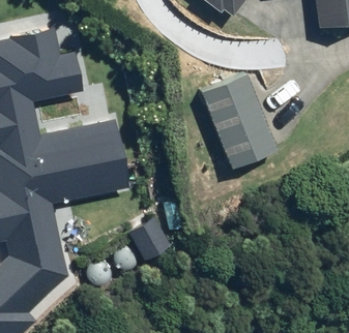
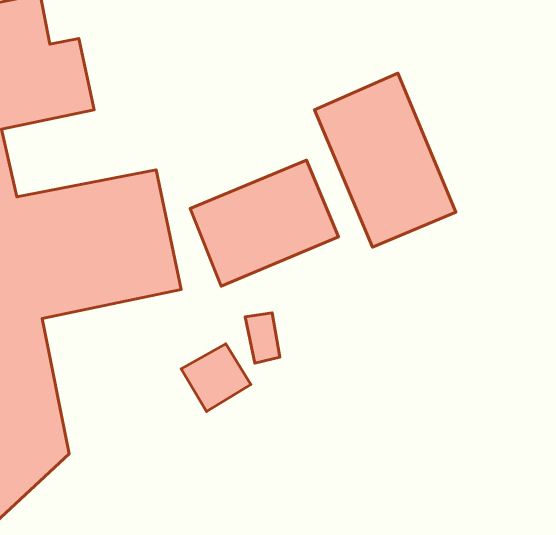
building: none -> [190,160,339,286]

